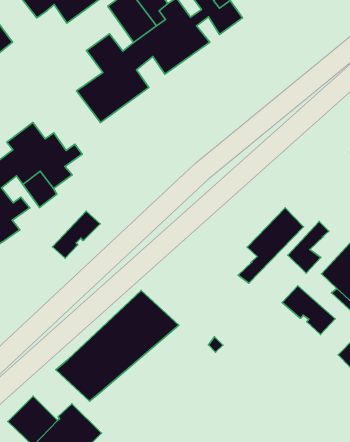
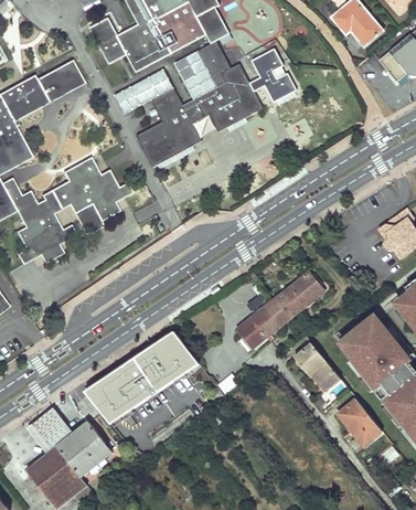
building: none -> [115,67,173,113]
building: [52,211,100,258] -> none
building: [288,222,329,273] -> [237,300,278,346]

